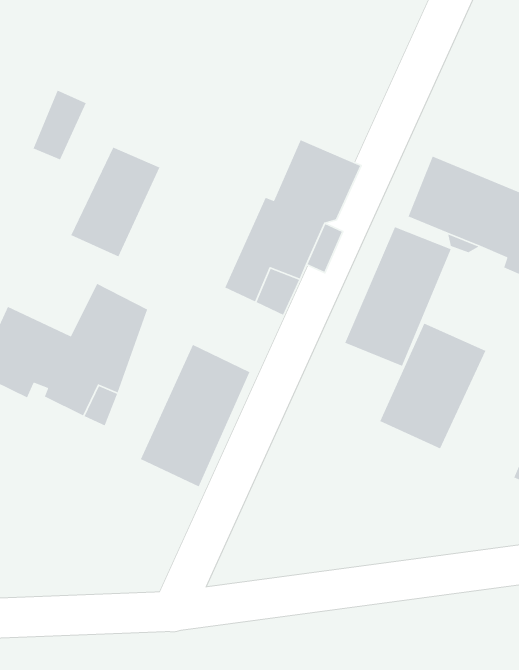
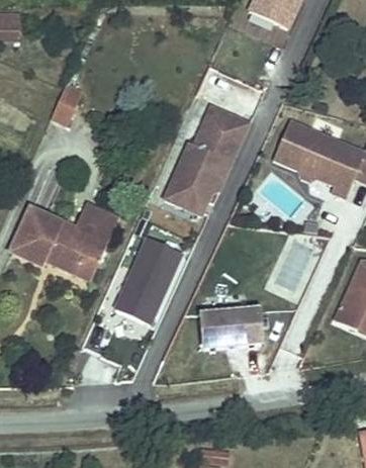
building: [70,146,161,257] -> none
building: [344,226,452,367] -> none
building: none -> [203,308,265,349]

